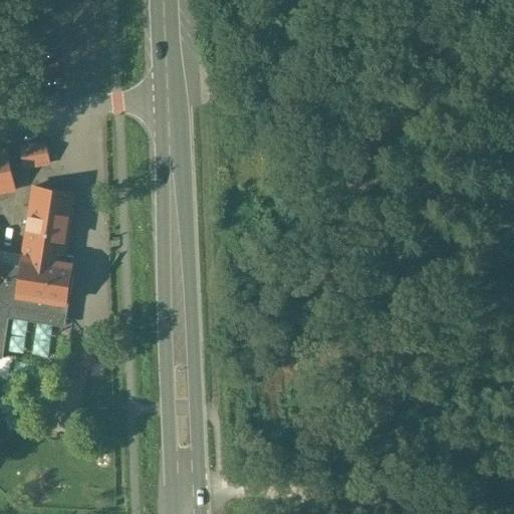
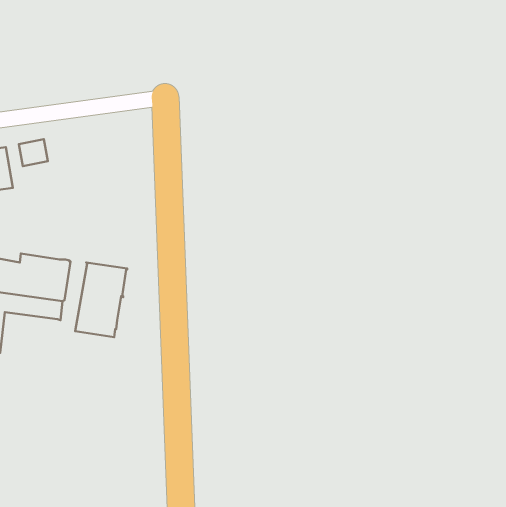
building: [21,188,73,263] -> [75,262,127,337]

